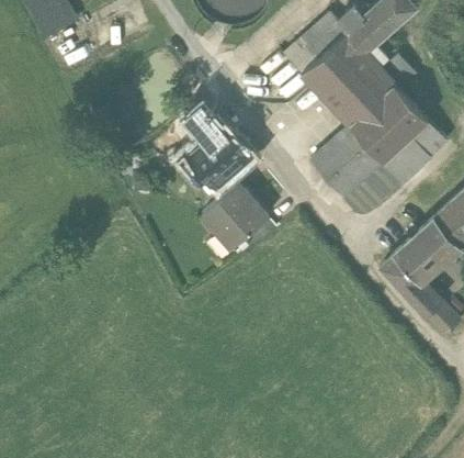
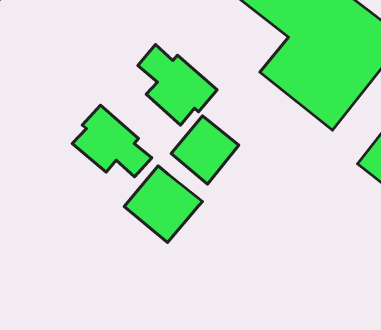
building: none -> [72,105,152,177]
building: none -> [124,166,202,242]

